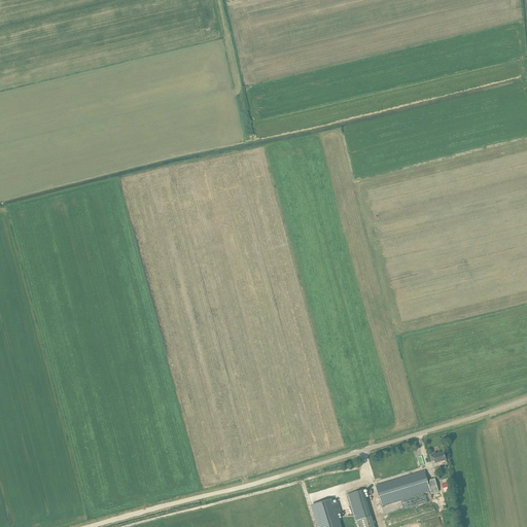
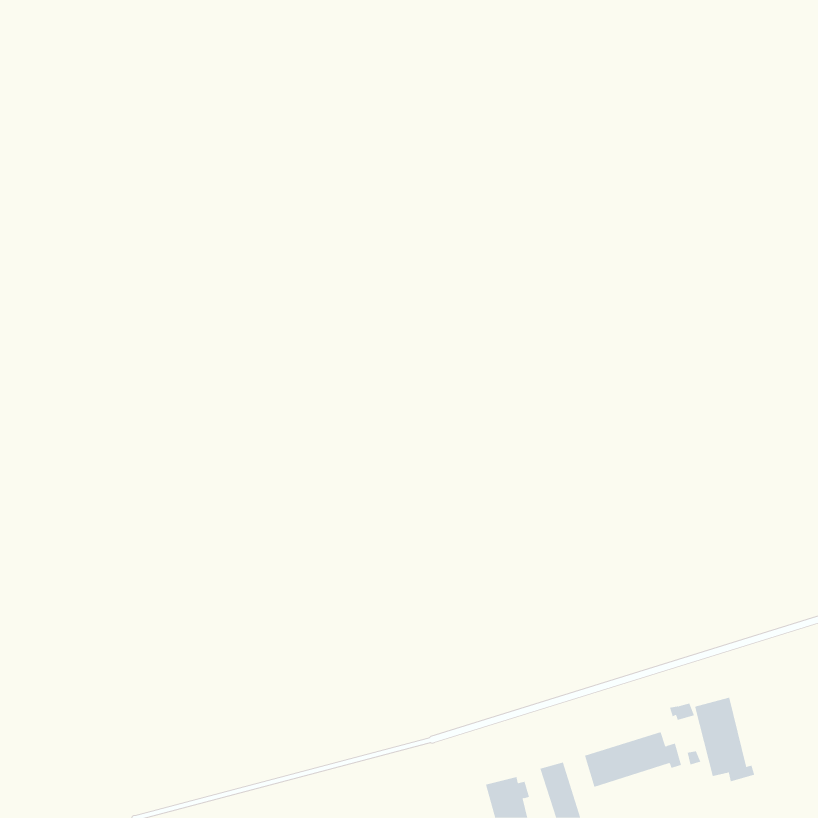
building: none -> [695,697,755,782]

